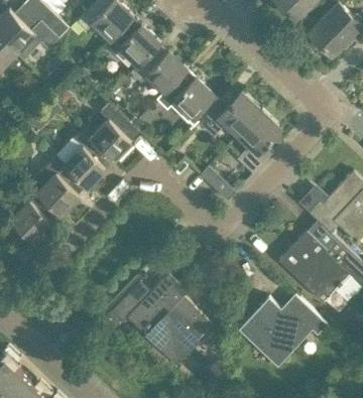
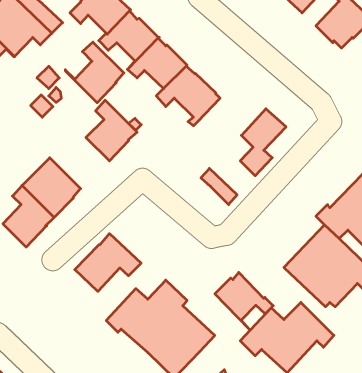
building: [197,92,261,138] -> none
building: [56,130,112,187] -> [65,42,124,103]
building: none -> [75,234,141,291]
building: none -> [215,272,273,329]

